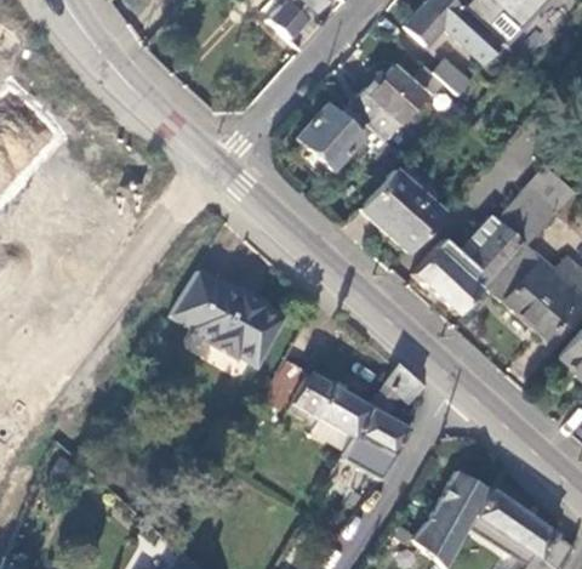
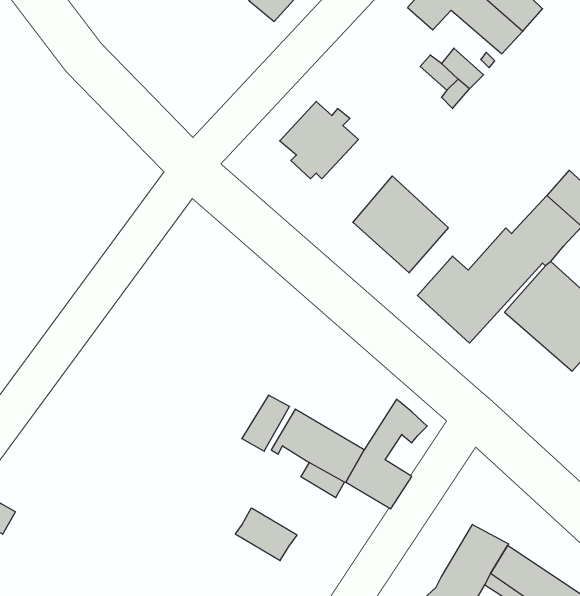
building: [350,69,428,141] -> none
building: [169,269,279,364] -> none
building: [338,434,392,479] -> [235,509,297,561]

